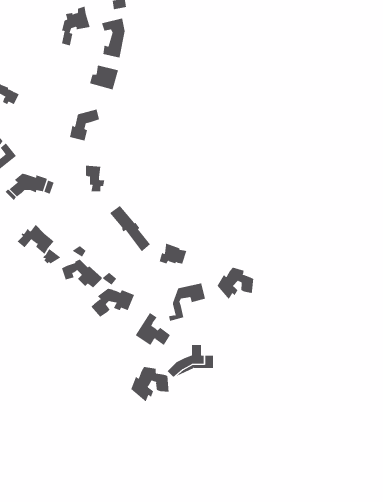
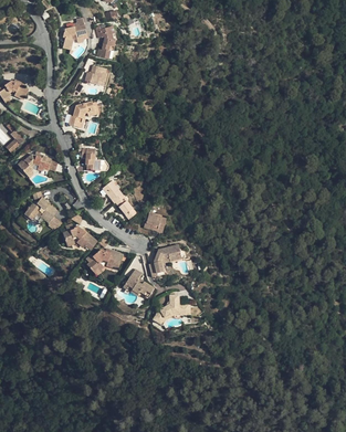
building: [217,267,254,300] -> none
building: [131,366,169,403] -> none

